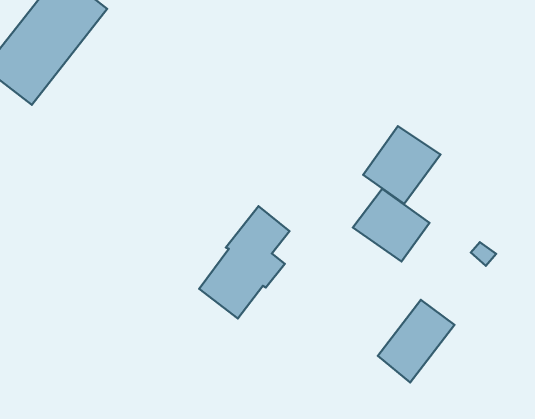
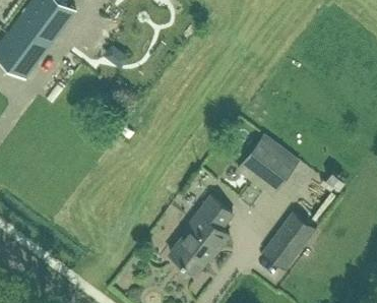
building: [363,126,440,204] -> none
building: [199,206,289,318] -> [170,197,232,275]

